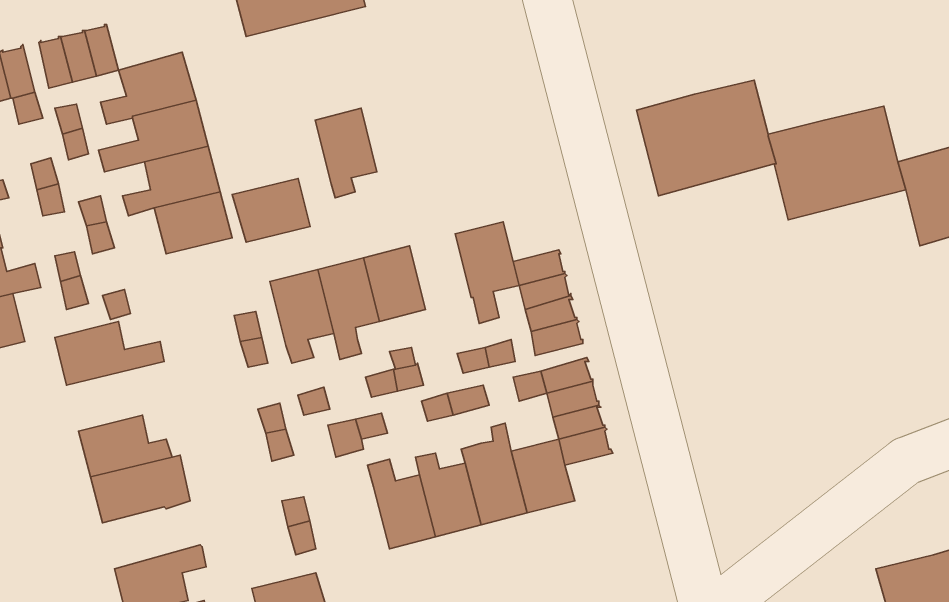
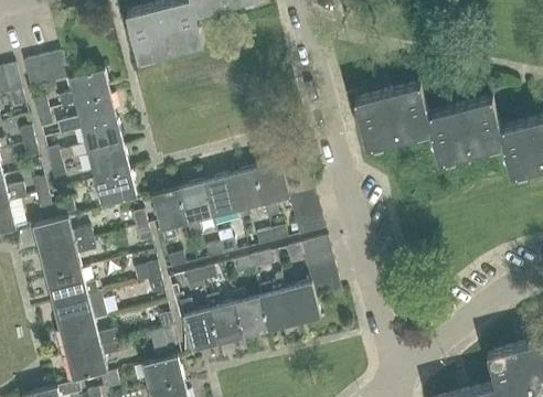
building: [315,108,377,198] -> [228,169,263,218]
building: [232,179,310,242] -> [94,171,137,206]
building: none -> [39,239,96,278]
building: none -> [179,299,217,351]
building: none -> [58,320,119,354]

